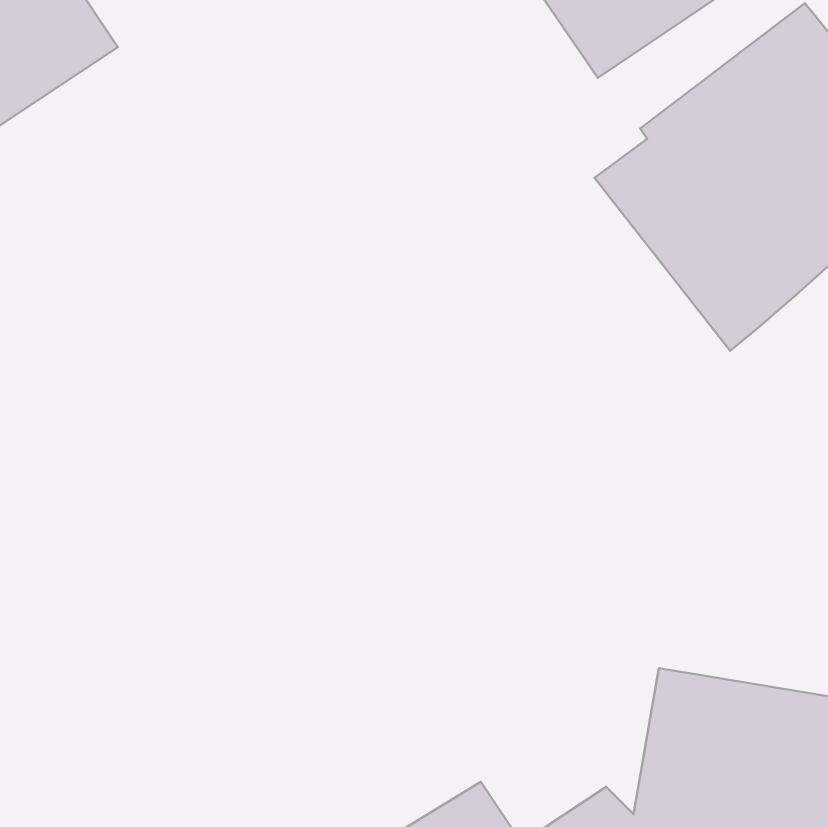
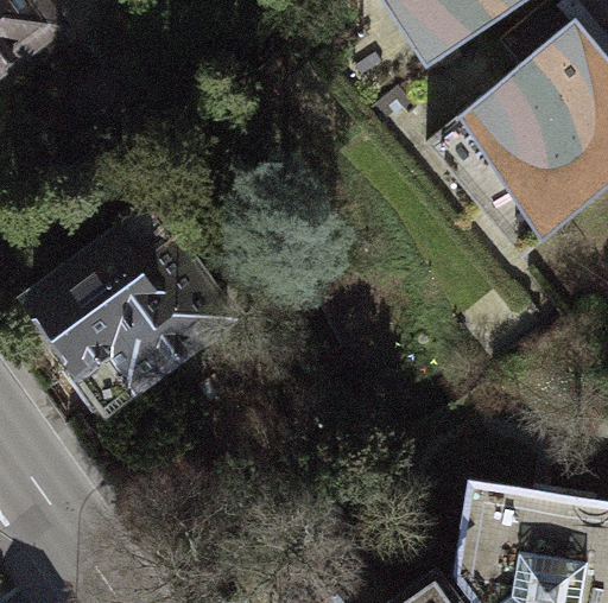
building: none -> [38,210,246,414]

